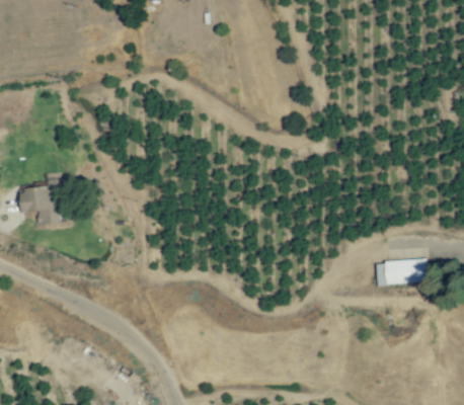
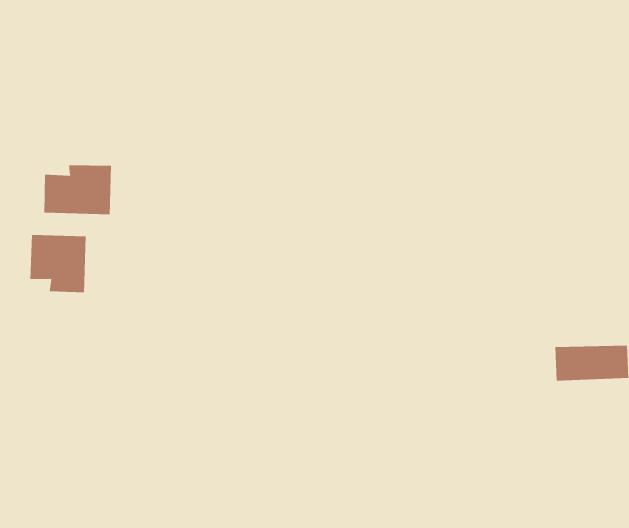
building: none -> [44,164,111,215]

